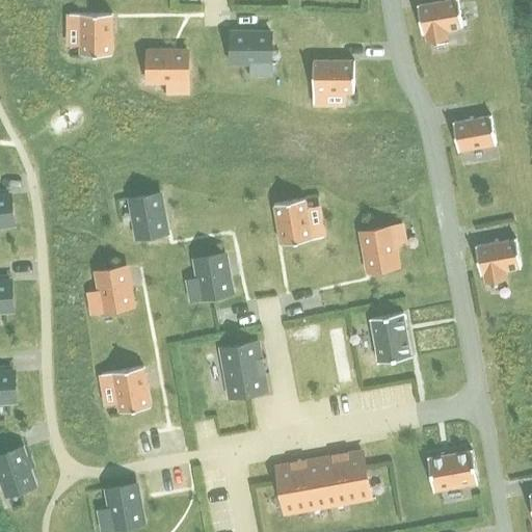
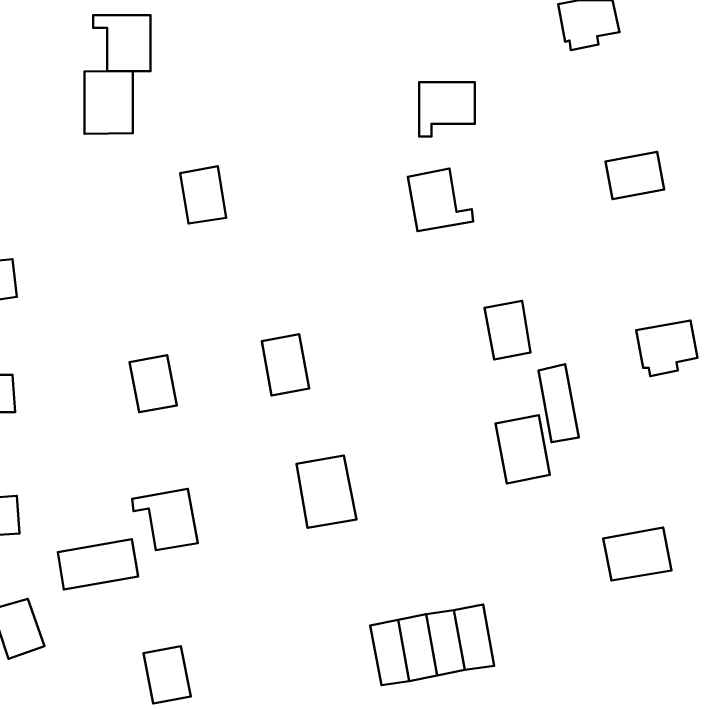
building: [232,33,273,61] -> none
building: [149,52,190,80] -> none
building: none -> [84,71,133,134]
building: [131,193,165,236] -> [180,166,226,223]
building: [274,201,323,247] -> [408,169,473,231]
building: none -> [538,364,579,442]
building: none -> [58,539,138,589]
building: [427,450,478,489] -> [603,527,671,580]

